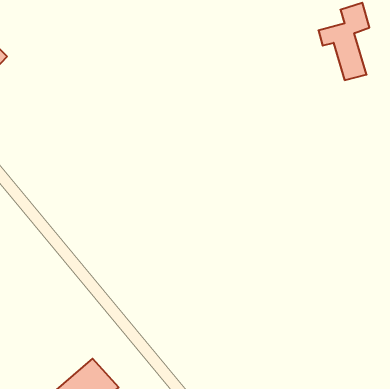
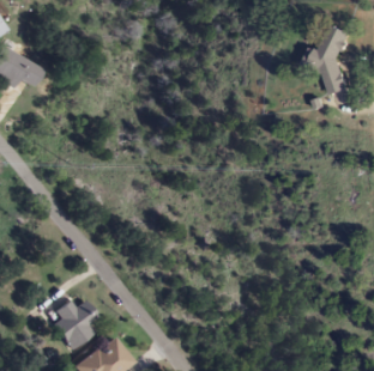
building: none -> [54,300,99,349]

